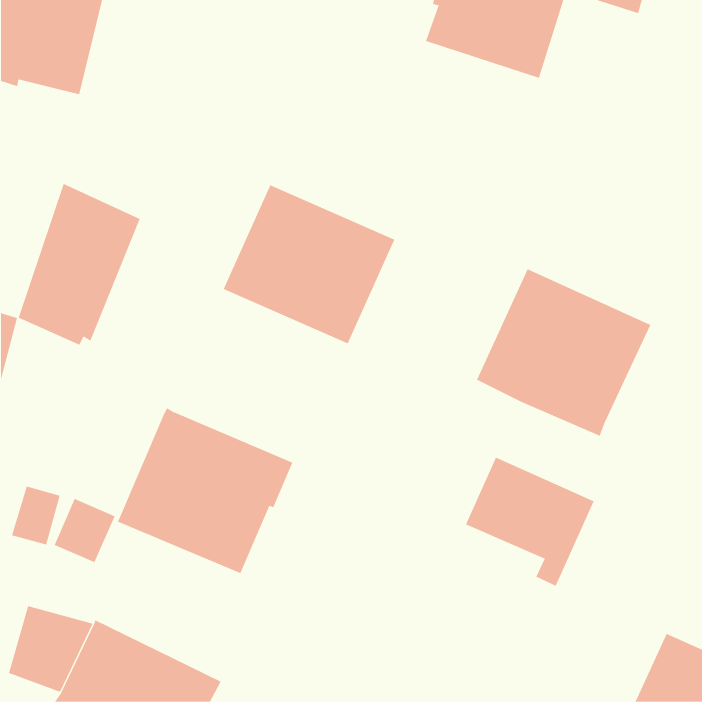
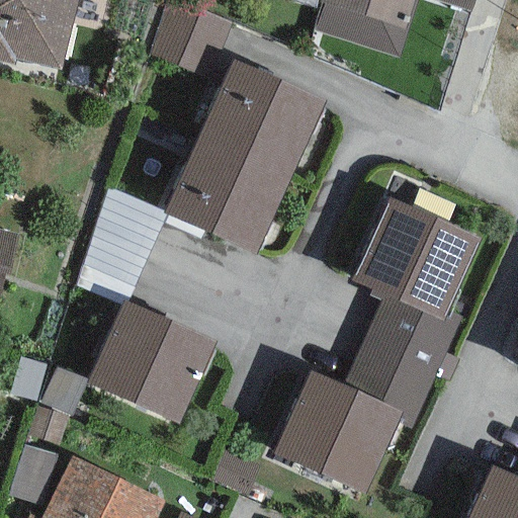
building: none -> [199,60,325,176]
building: [18,183,140,345] -> [75,186,165,306]
building: none -> [365,295,460,368]
building: none -> [273,370,401,493]

